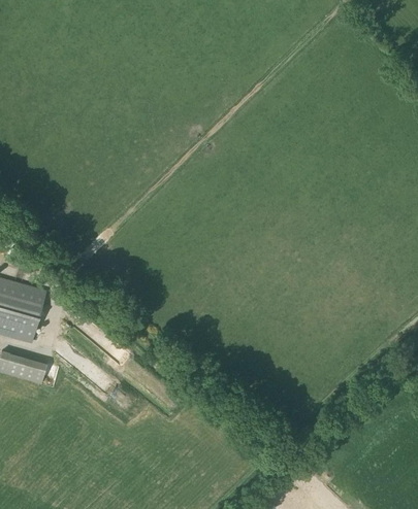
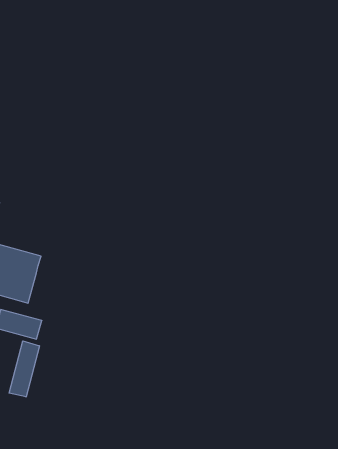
building: none -> [9,341,39,397]

